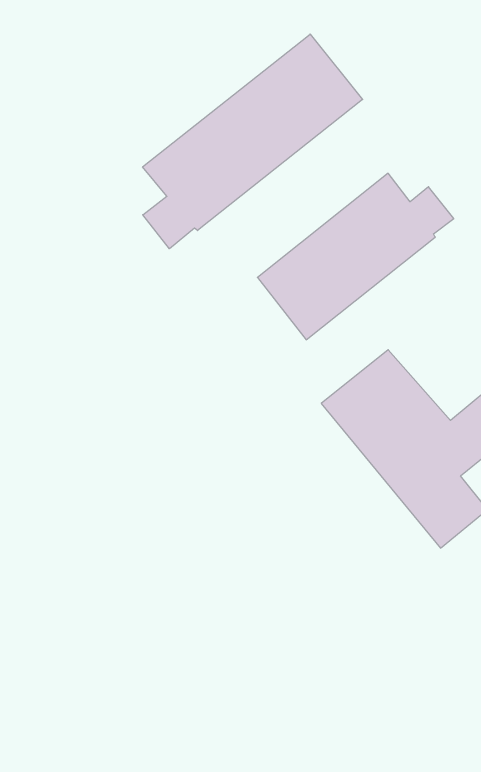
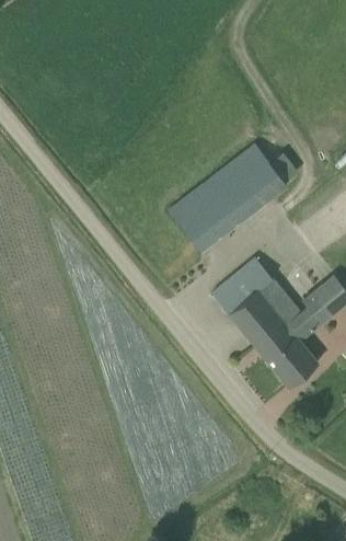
building: [143,34,363,249] -> none

